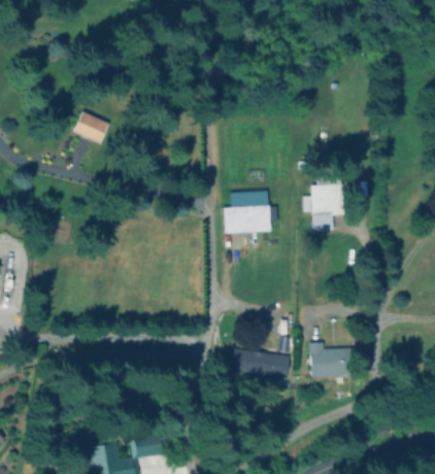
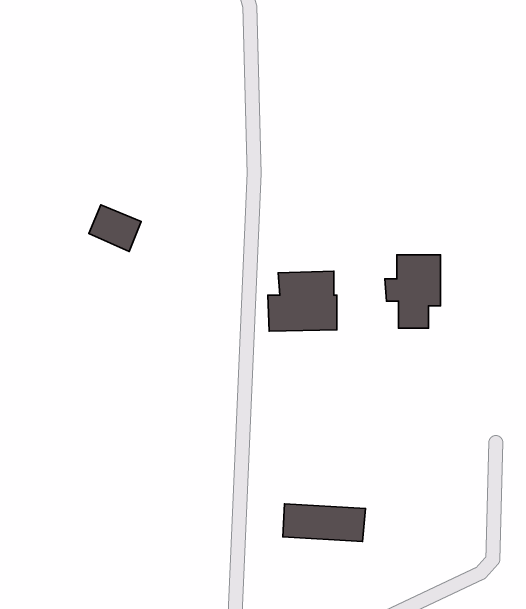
building: [73,112,109,144] -> [89,205,141,252]
building: [309,343,352,378] -> none

